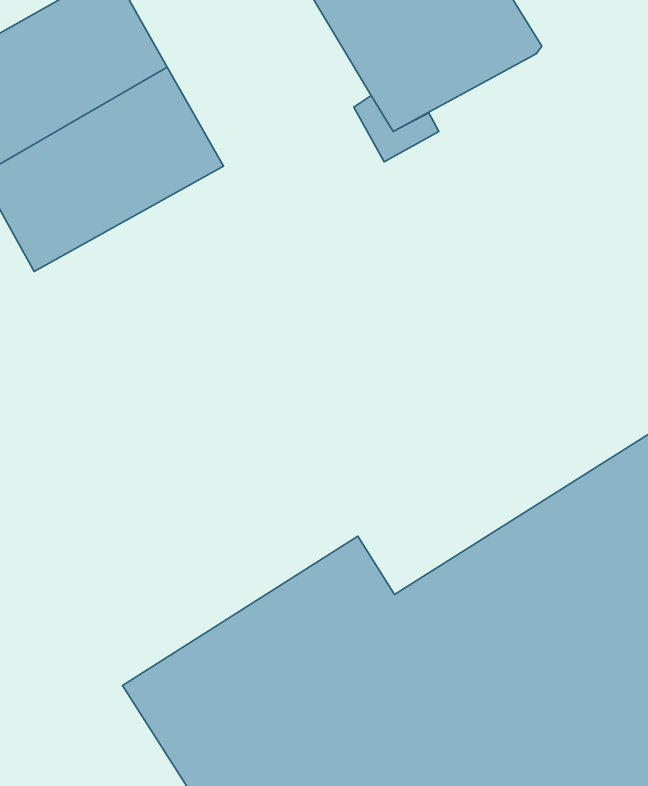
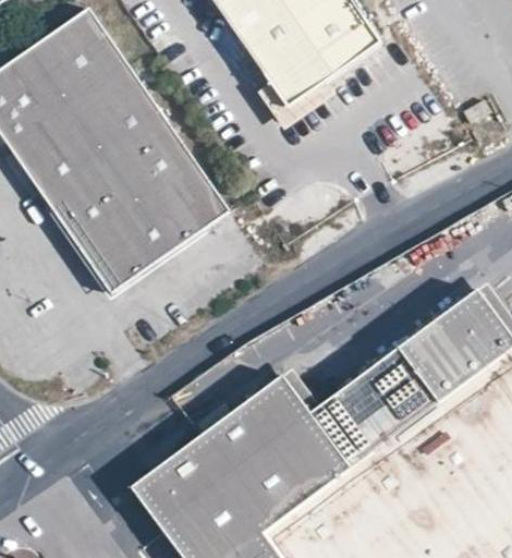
building: none -> [53,133,229,294]

